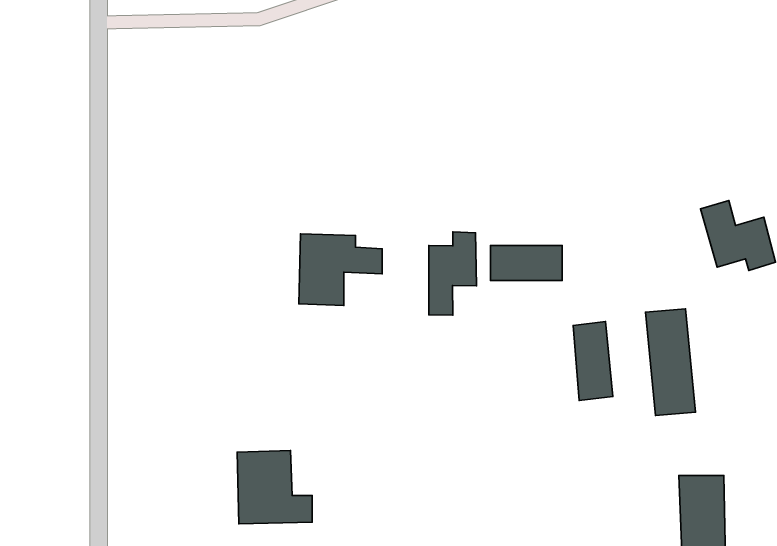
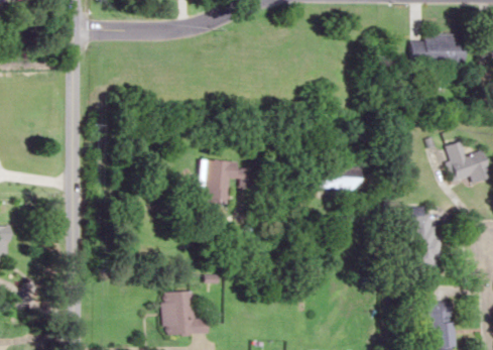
building: none -> [409,33,463,66]
building: [429,232,476,315] -> none
building: [573,322,613,401] -> none

